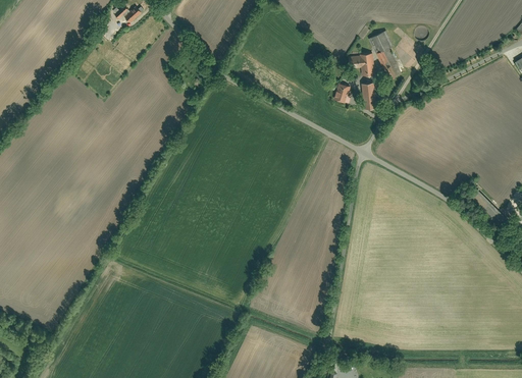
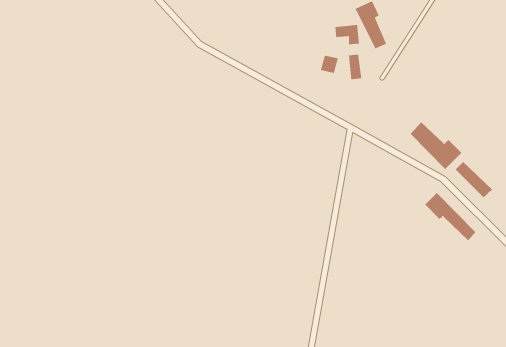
building: none -> [410,121,462,170]
building: none -> [424,192,476,241]

